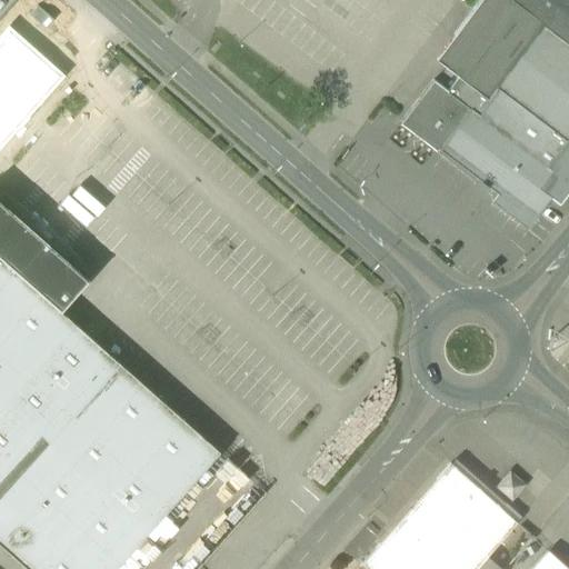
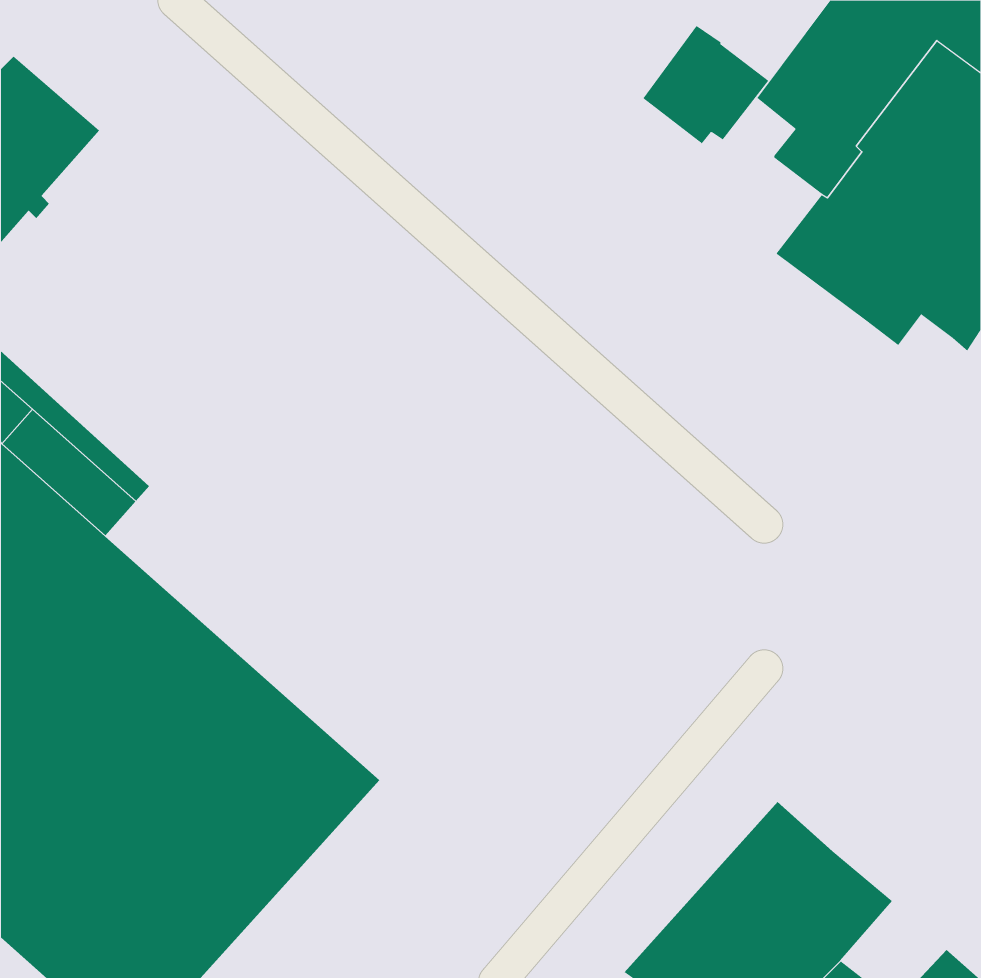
building: [402,82,476,151] -> [643,25,769,144]
building: [491,184,551,228] -> none

